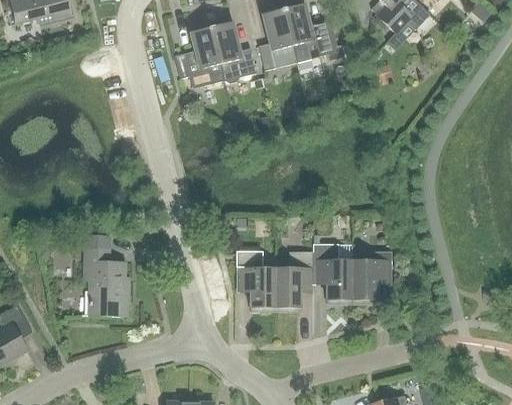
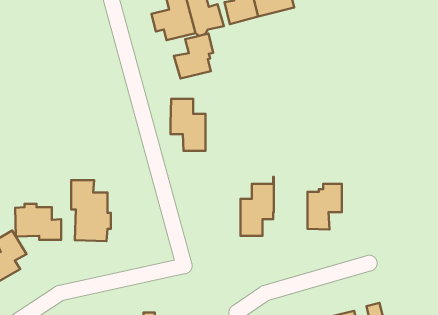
building: none -> [174,33,213,79]
building: [314,243,352,302] -> none
building: [236,251,276,310] -> [170,99,206,151]
building: none -> [15,204,61,240]

